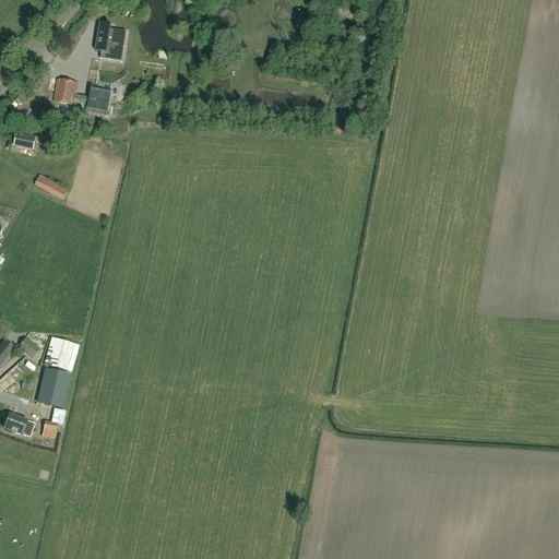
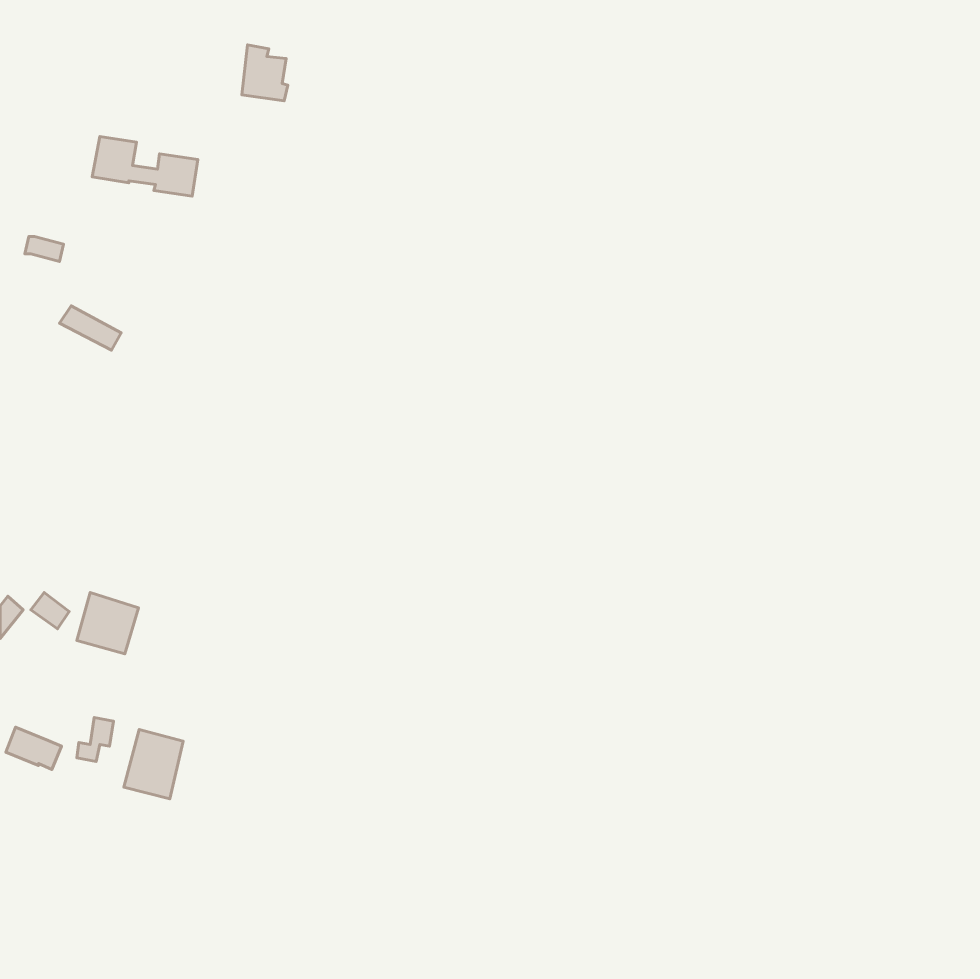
building: [97,22,123,53] -> [242,45,288,101]
building: [37,368,71,407] -> [124,730,183,799]

